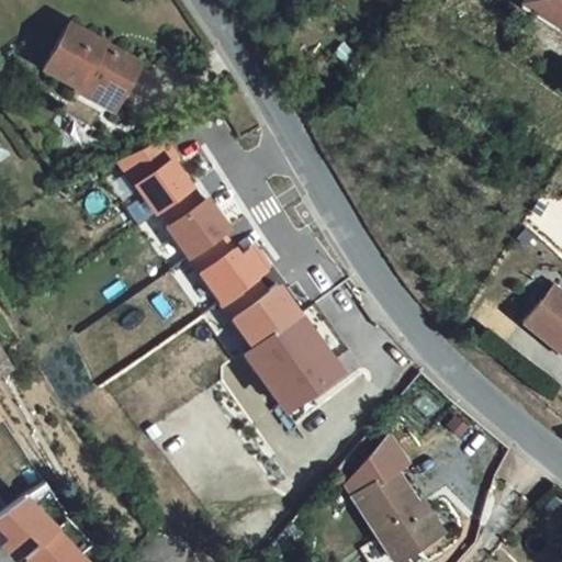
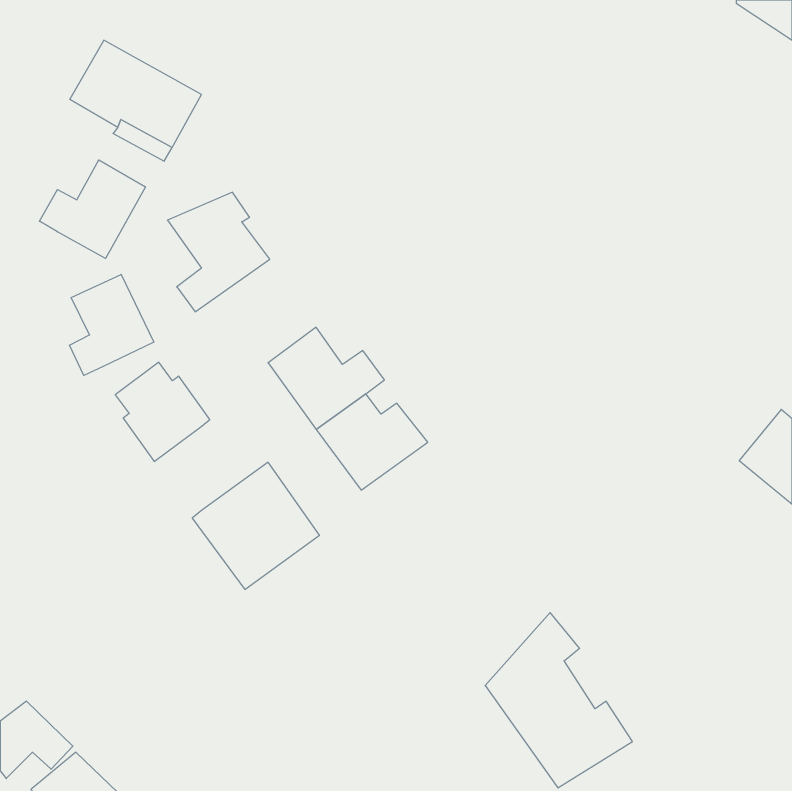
building: none -> [39,160,145,258]
building: [162,188,229,258] -> [115,362,210,461]
building: none -> [70,274,154,375]
building: [249,314,339,404] -> [192,462,319,589]

